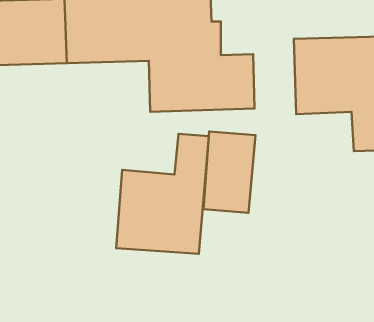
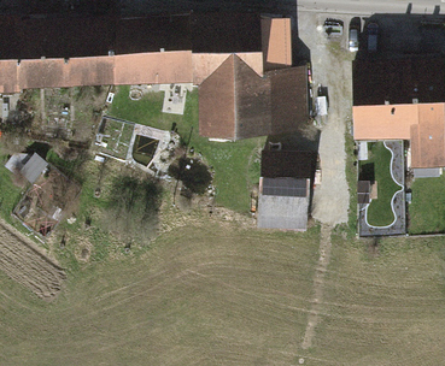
building: [116,134,209,254] -> none

